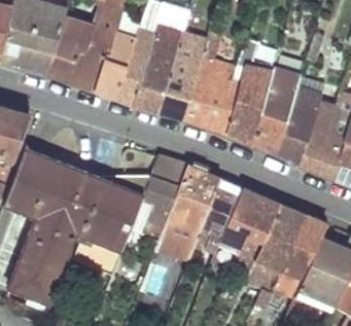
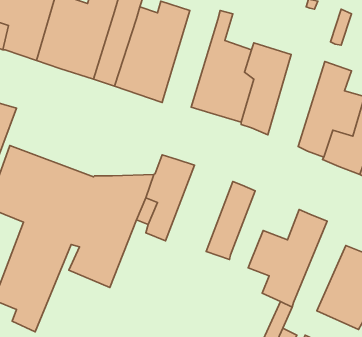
building: [159,31,207,116] -> none
building: [251,66,302,151] -> none
building: [155,168,220,260] -> none
building: [218,190,279,253] -> none
building: [274,217,326,299] -> none

